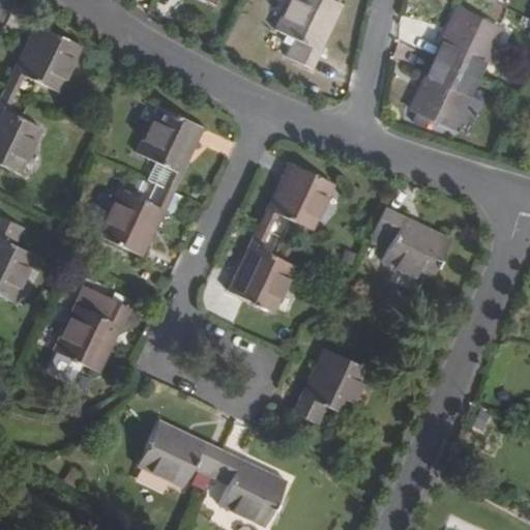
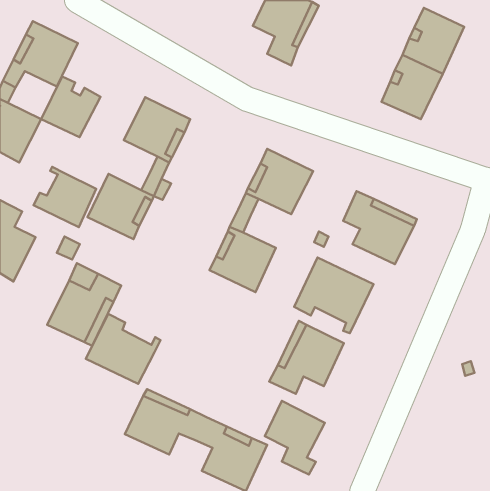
building: none -> [41,77,101,137]
building: none -> [34,167,96,227]
building: none -> [294,258,373,333]
building: none -> [86,314,161,384]
building: none -> [265,401,325,475]

